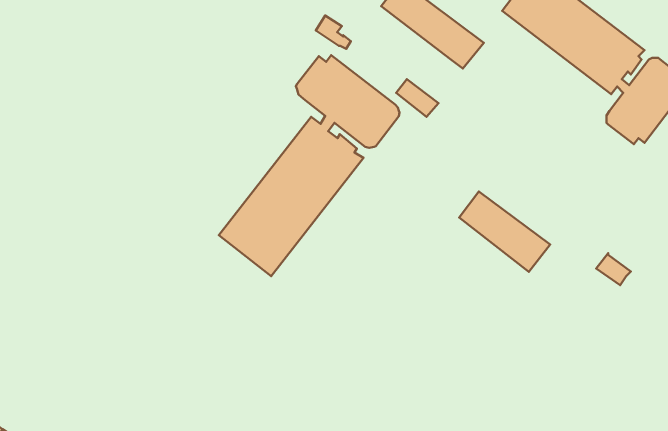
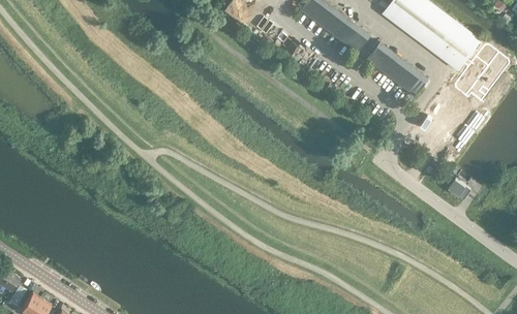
building: [219,55,399,276] -> none
building: [459,192,550,272] -> [366,42,428,97]

